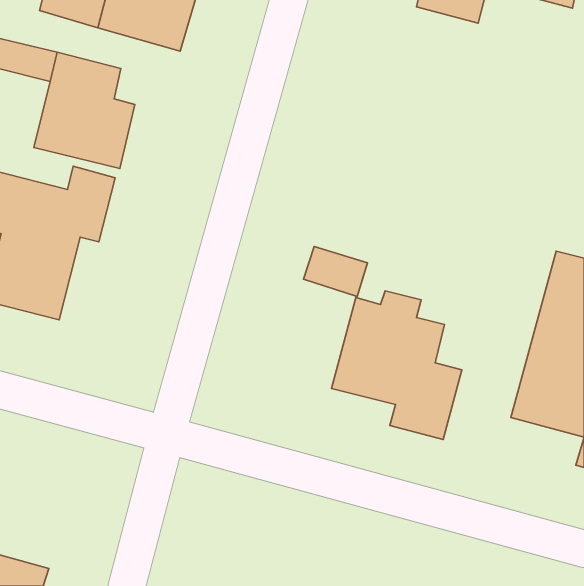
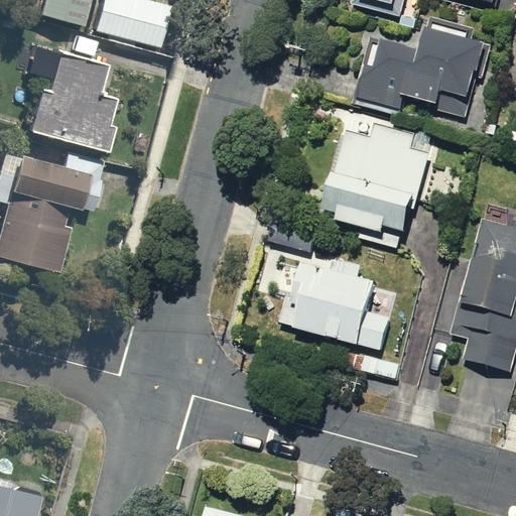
building: none -> [355,22,495,120]
building: none -> [320,126,438,251]

